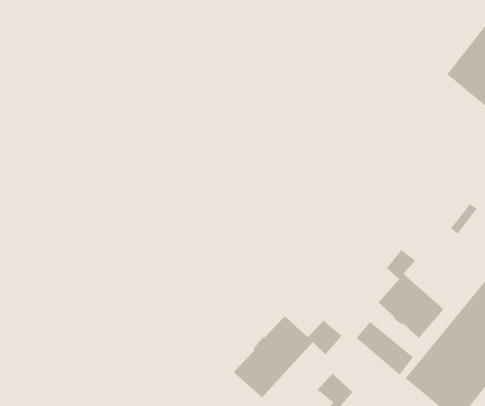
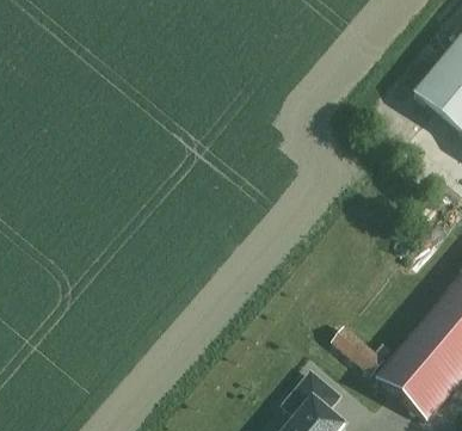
building: [378,249,444,339] -> none
building: [233,315,342,398] -> none

